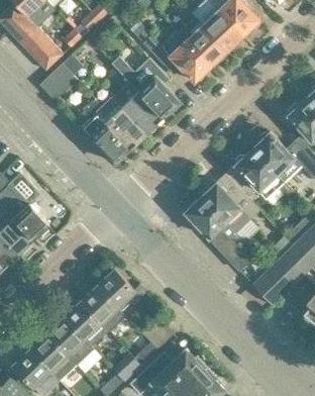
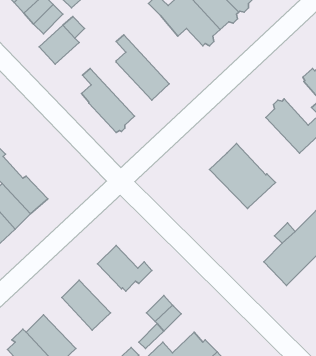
building: [112,58,179,118] -> none
building: [89,97,146,148] -> none
building: [225,150,284,203] -> none
building: [187,198,256,272] -> none
building: [79,286,126,333] -> none
building: [45,317,93,365] -> none

